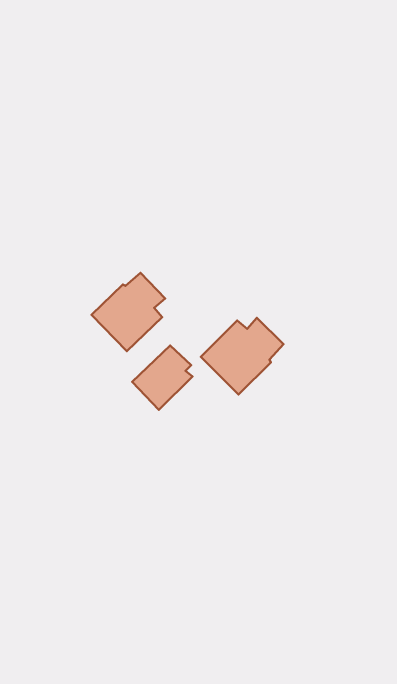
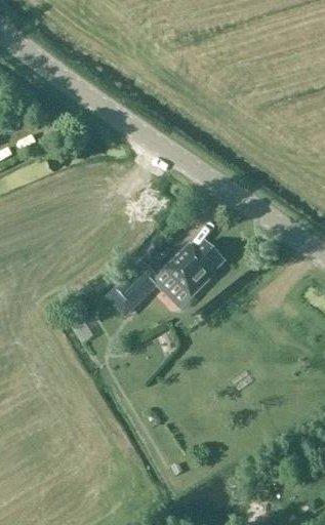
building: [91,273,165,351] -> none

